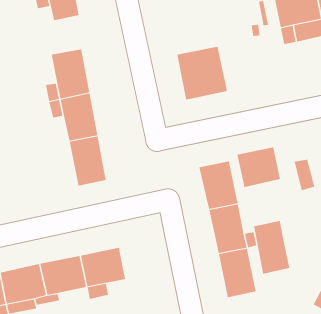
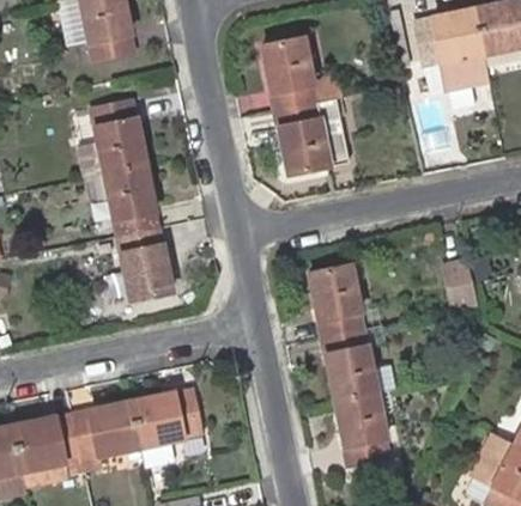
building: none -> [261,38,340,106]
building: [237,146,281,188] -> none
building: [254,220,290,275] -> none

